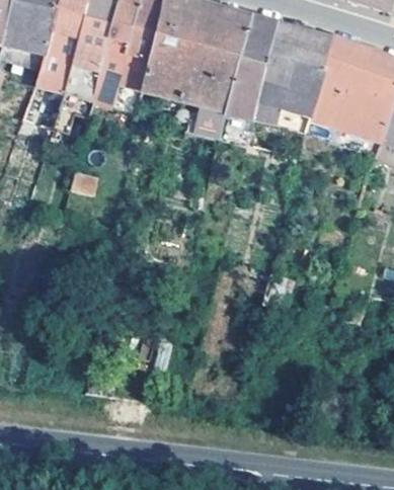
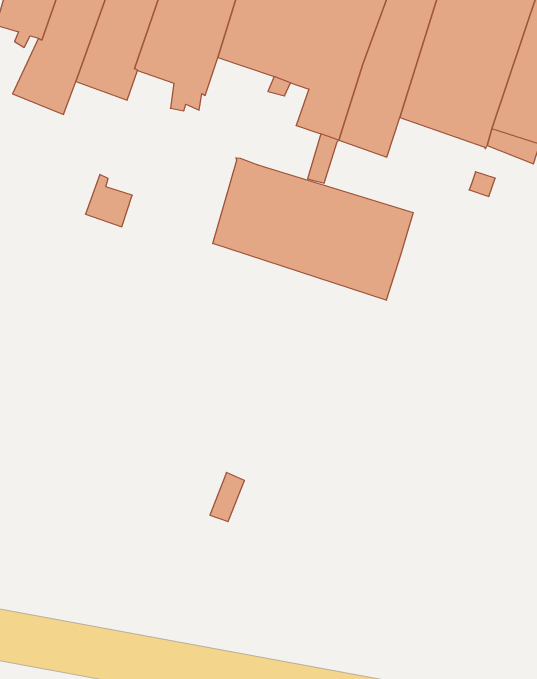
building: none -> [213,158,413,300]

